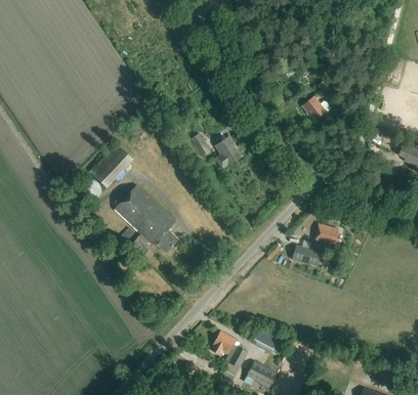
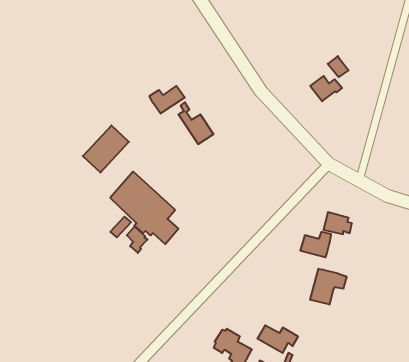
building: none -> [150,86,185,114]
building: [215,136,241,168] -> none
building: none -> [310,269,347,305]

